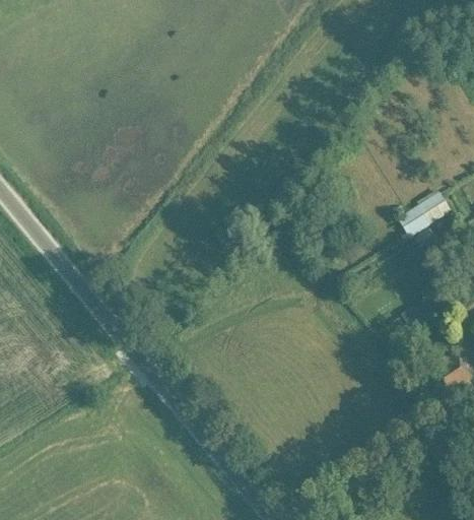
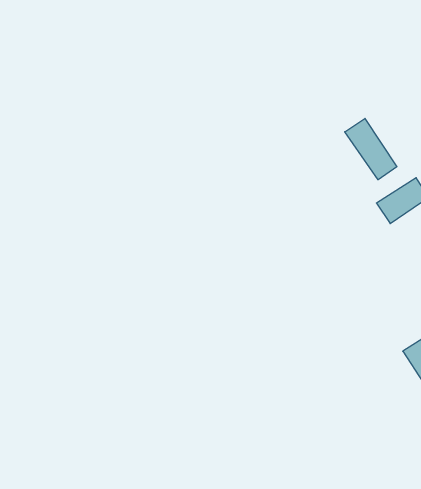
building: none -> [345,118,397,180]

